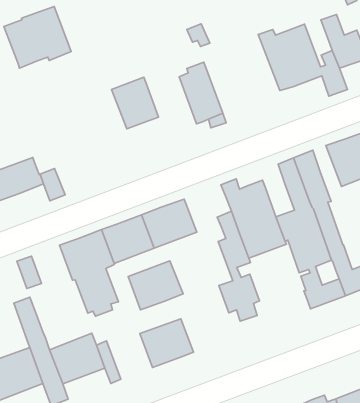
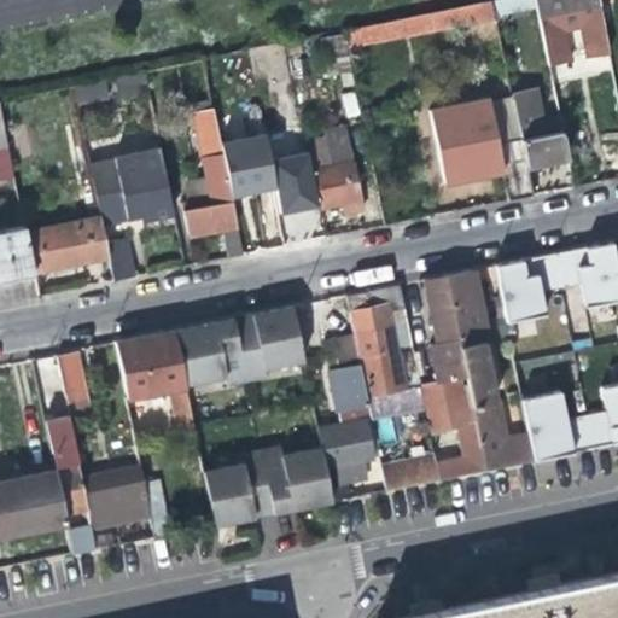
building: [4,7,71,68] -> [91,151,175,226]
building: none -> [182,109,244,257]
building: none -> [268,138,322,220]
building: [128,261,183,310] -> [264,454,334,513]
building: none -> [381,455,439,490]

